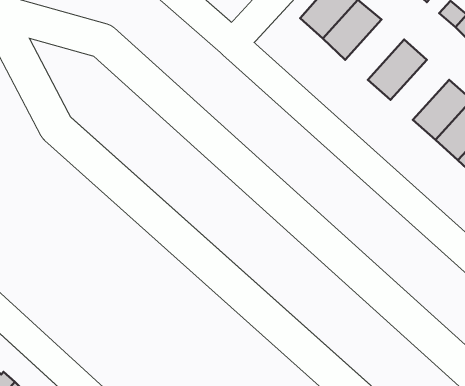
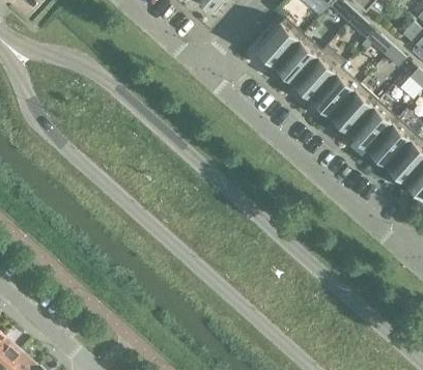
building: none -> [292,46,345,101]
building: none -> [330,84,378,134]

